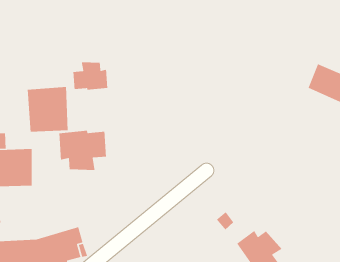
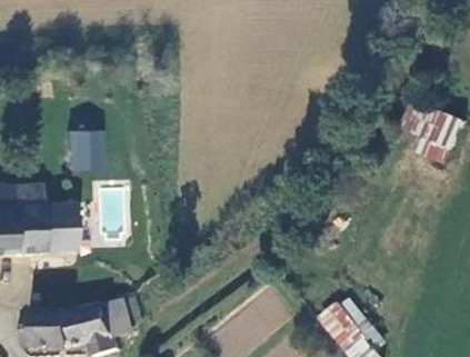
building: [72,62,108,90] -> none
building: [58,130,107,171] -> none

